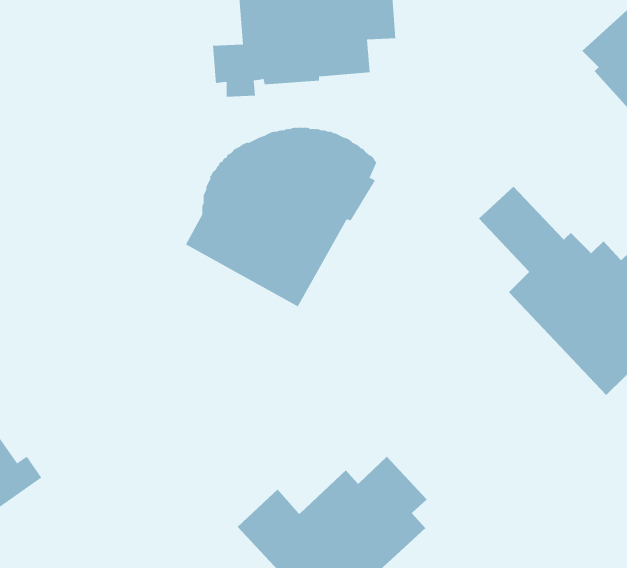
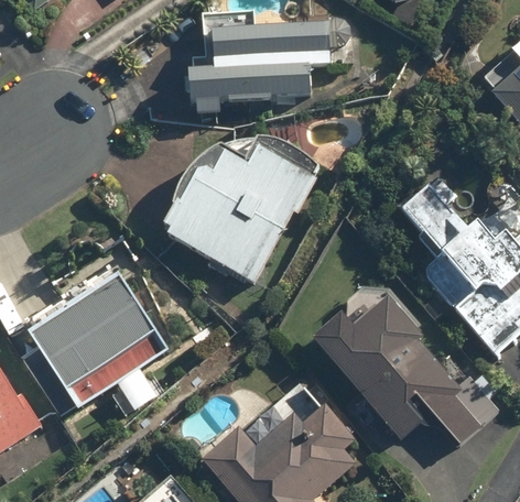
building: none -> [29,275,165,410]
building: none -> [308,294,498,441]

